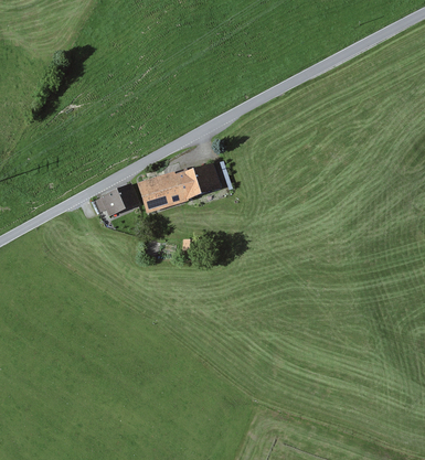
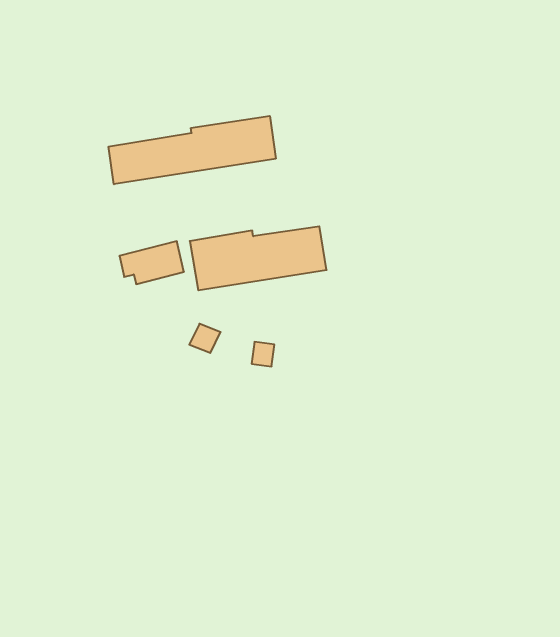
building: none -> [109,116,276,184]

